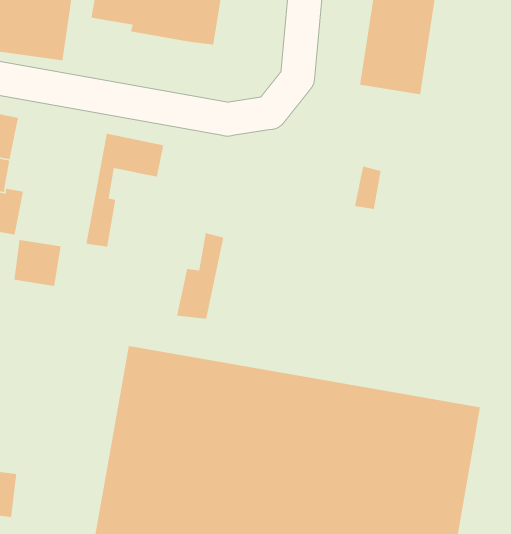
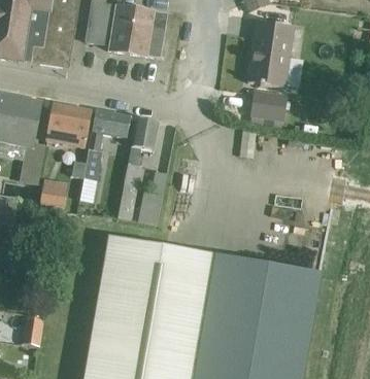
building: none -> [250,91,285,122]
building: none -> [45,103,91,147]
building: none -> [116,118,157,219]

